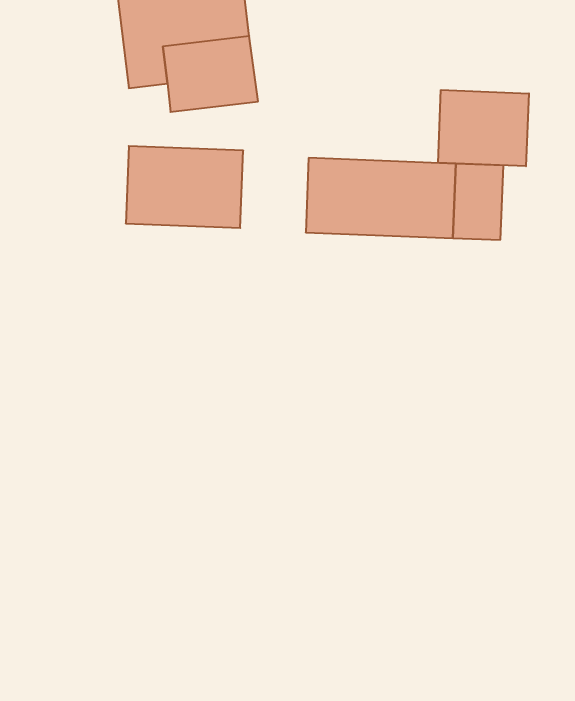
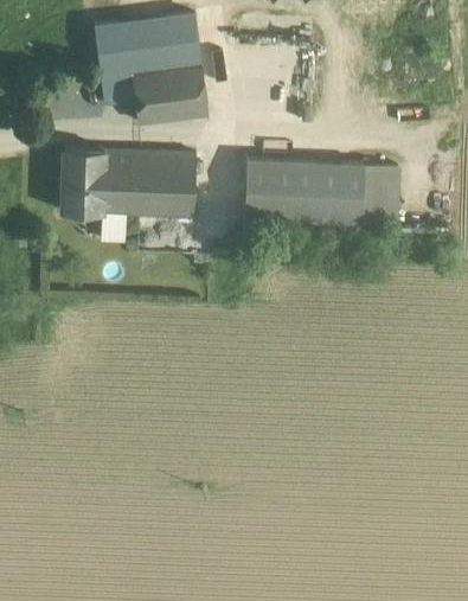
building: [438,90,529,166] -> none
building: none -> [62,148,104,213]

